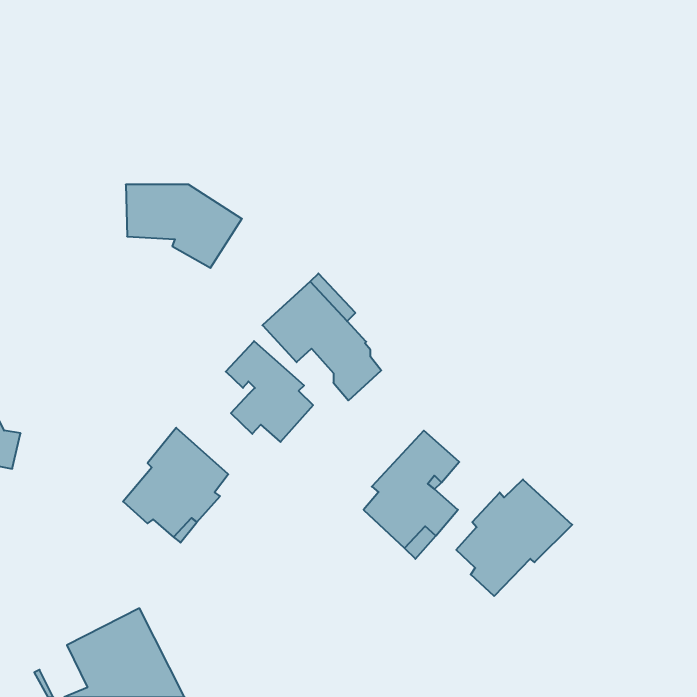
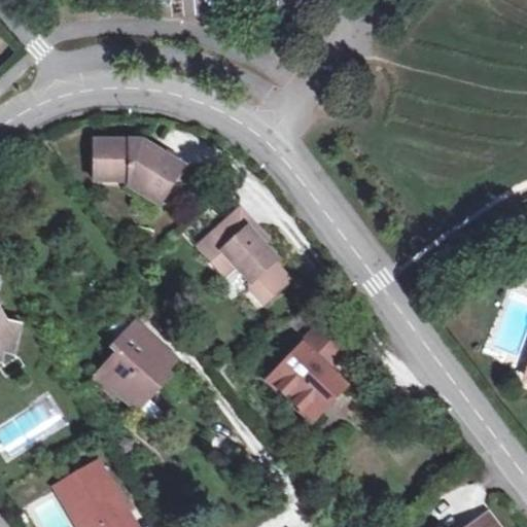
building: [226,341,313,442] -> none
building: [456,479,572,596] -> none

